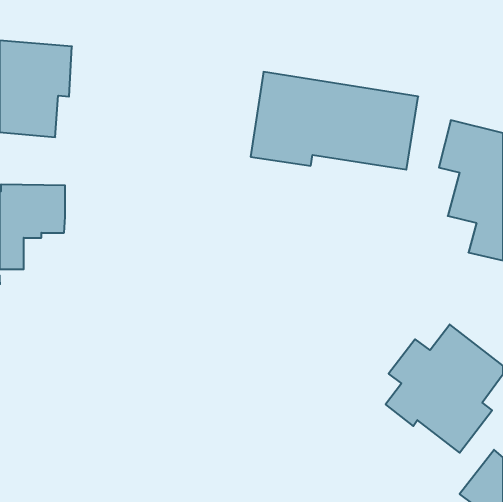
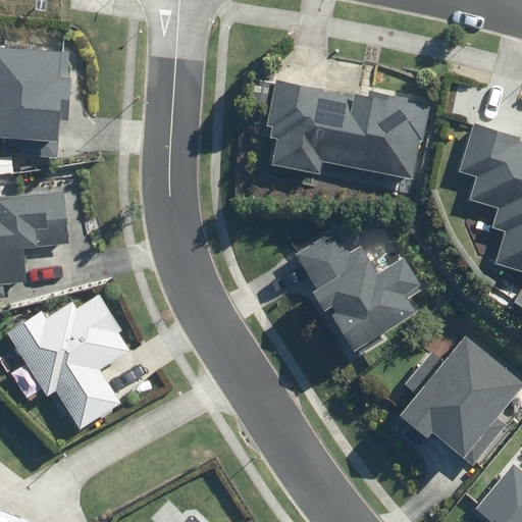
building: none -> [292,228,428,354]
building: none -> [4,296,129,430]

